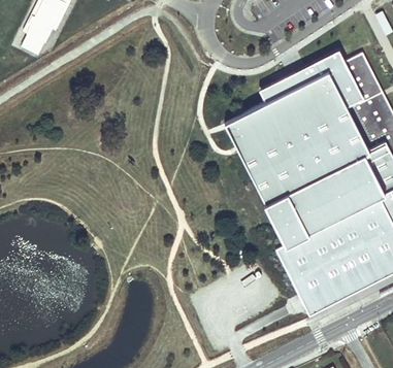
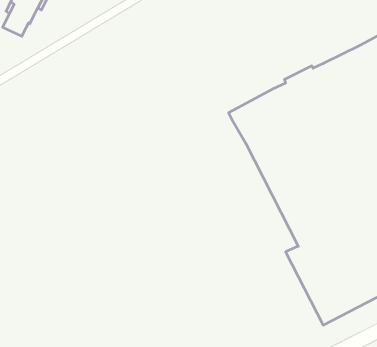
building: [259,49,343,102] -> none

